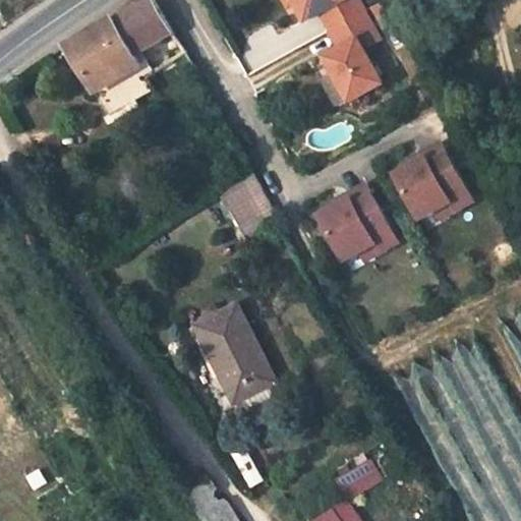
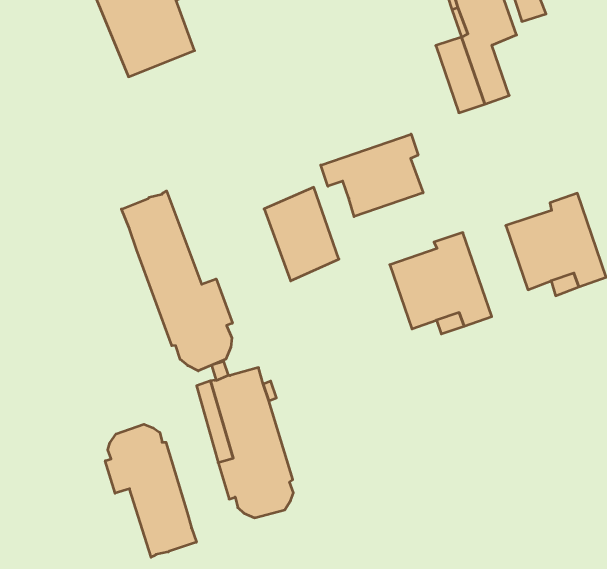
building: none -> [321,134,423,217]
building: none -> [121,191,232,371]
building: none -> [105,424,196,557]

